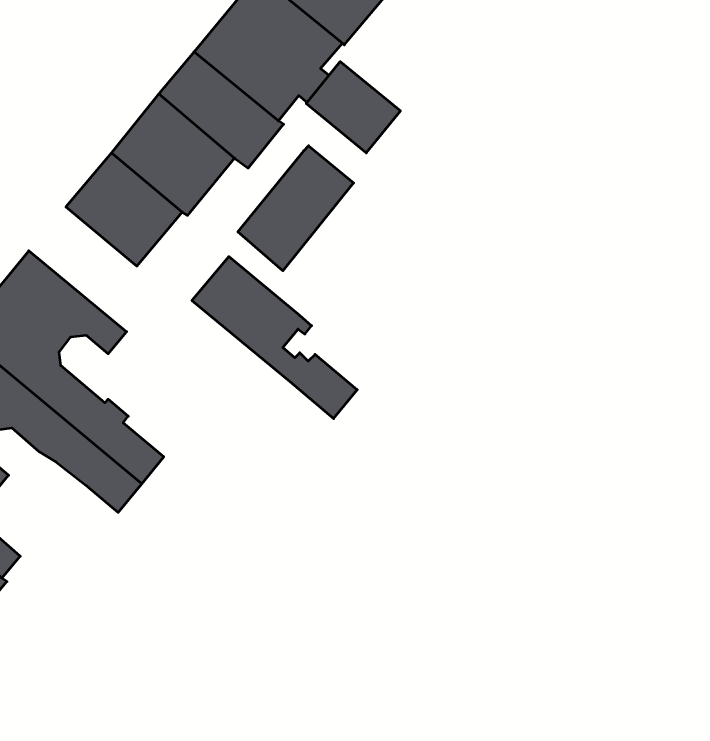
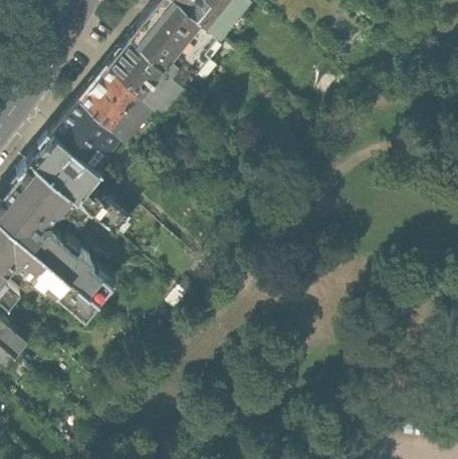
building: [306,62,400,153] -> none
building: [238,146,354,271] -> none
building: [192,257,357,419] -> [31,133,130,229]

